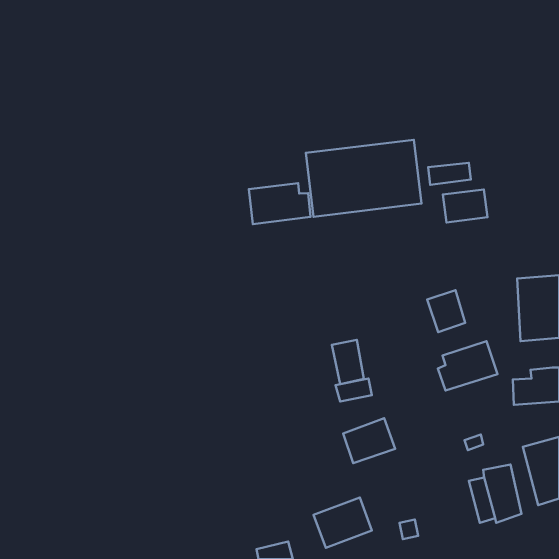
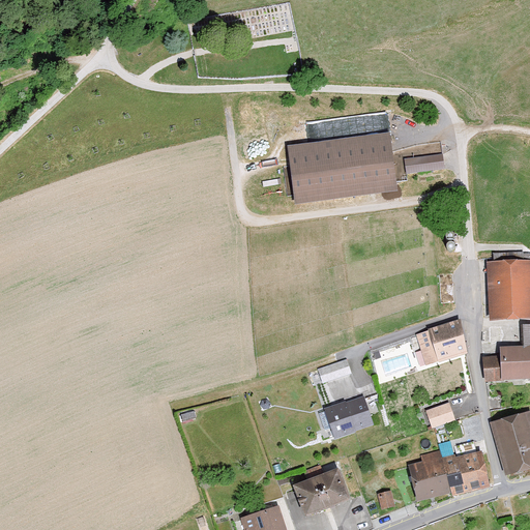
building: [249,183,311,224] -> none
building: [443,189,488,222] -> none
building: [427,290,465,332] -> none
building: [332,340,364,384] -> none
building: none -> [408,452,451,501]

